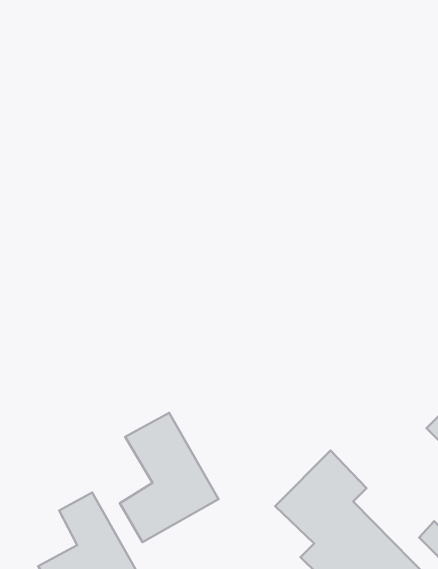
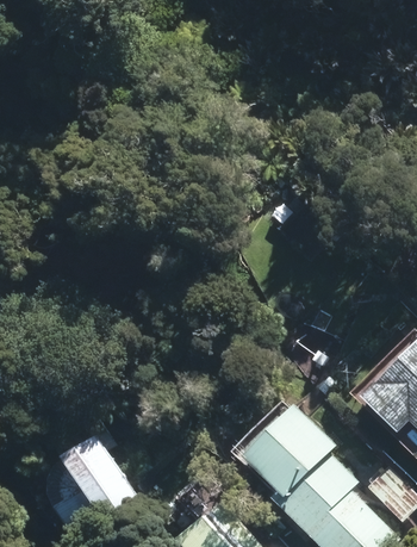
building: [120,413,218,542] -> none

